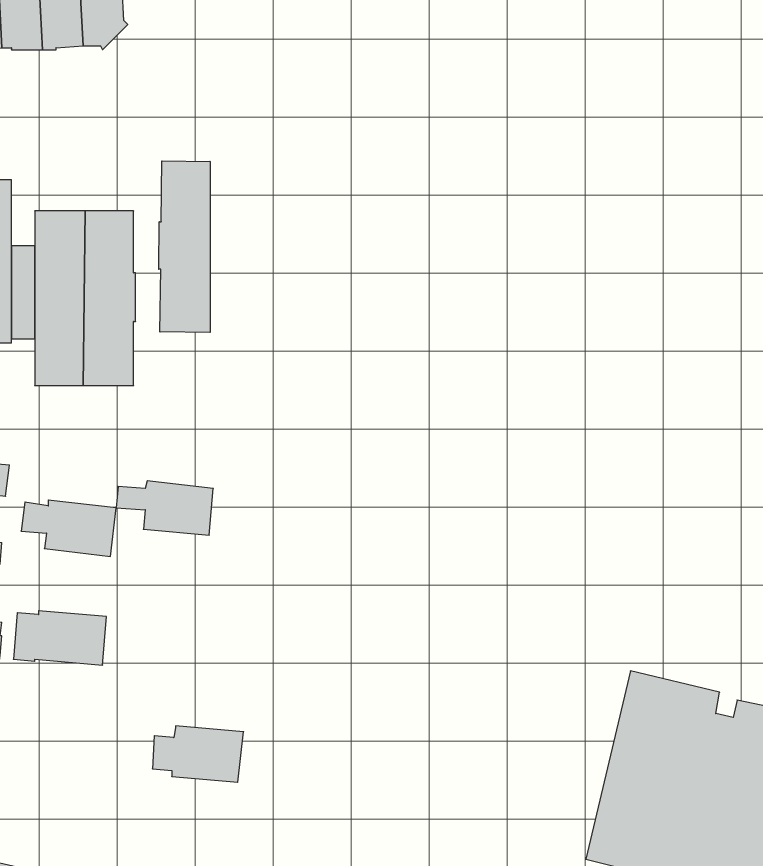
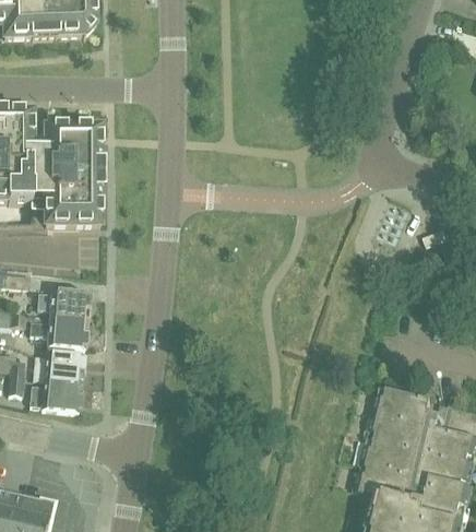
building: [159,161,210,332] -> none
building: [116,481,213,535] -> [33,319,87,350]
building: [152,726,244,782] -> [32,381,83,413]

